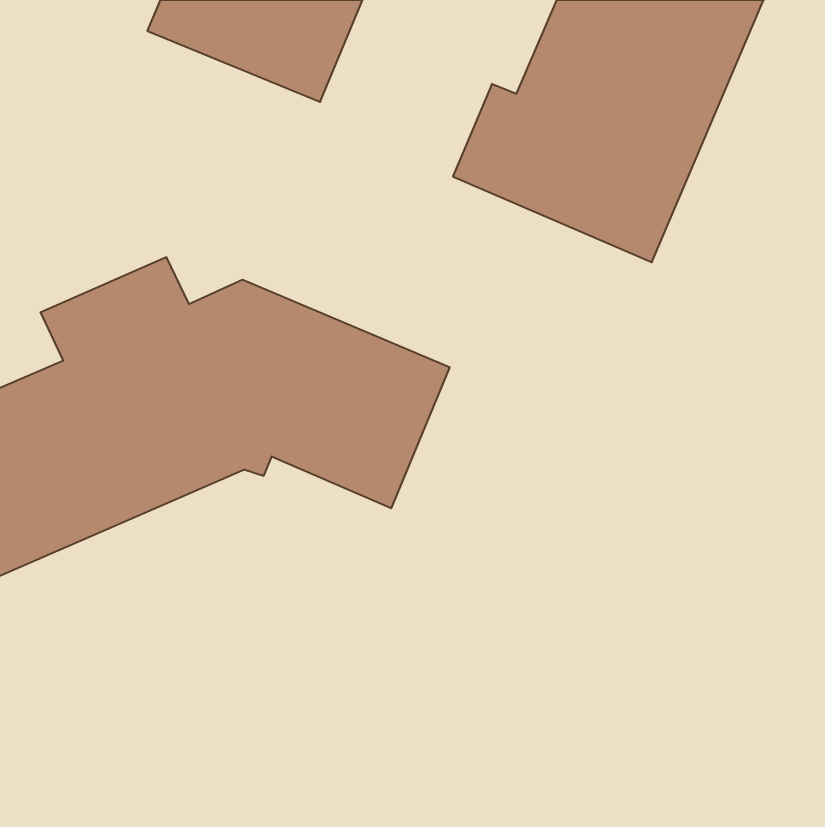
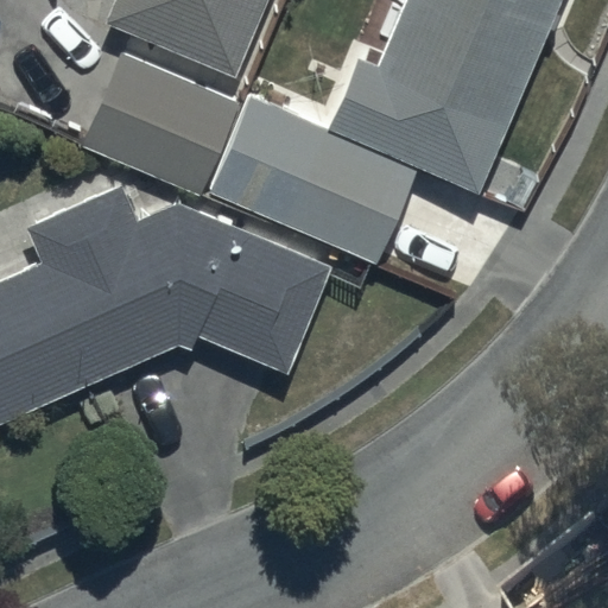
building: none -> [83,55,240,195]
building: none -> [213,100,418,264]

